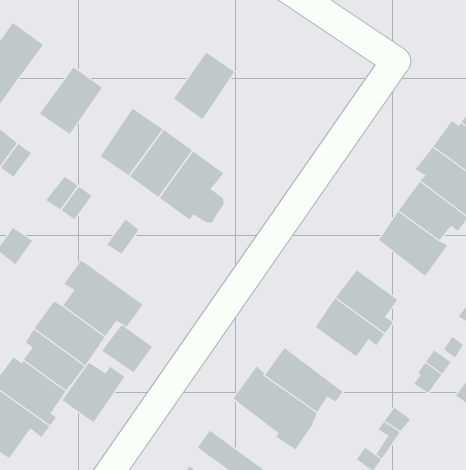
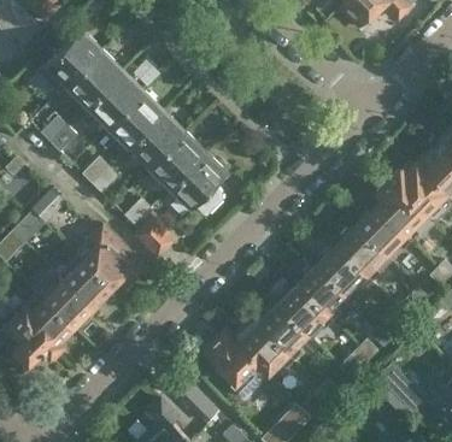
building: none -> [66,52,119,105]
building: [173,52,235,120] -> [108,93,160,146]
building: none -> [316,246,369,295]
building: [101,324,153,373] -> [133,217,174,257]
building: none -> [250,306,305,360]
building: [62,362,125,423] -> none

